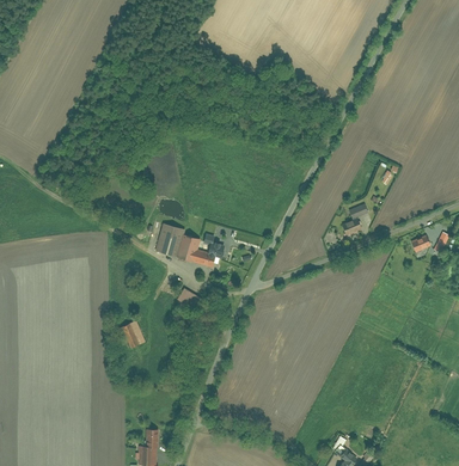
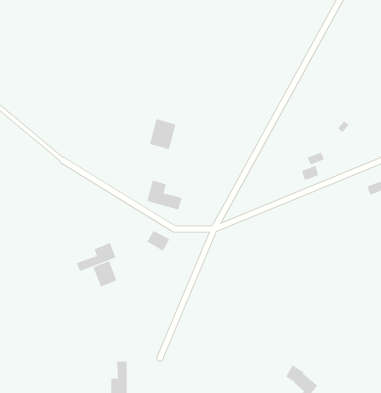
building: [155,225,184,258] -> [149,119,176,150]
building: none -> [76,242,116,272]

